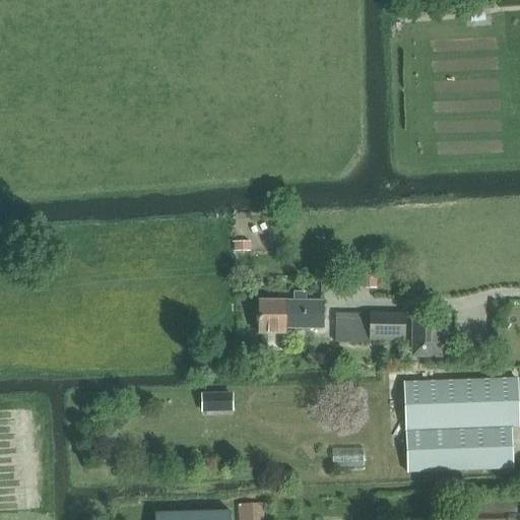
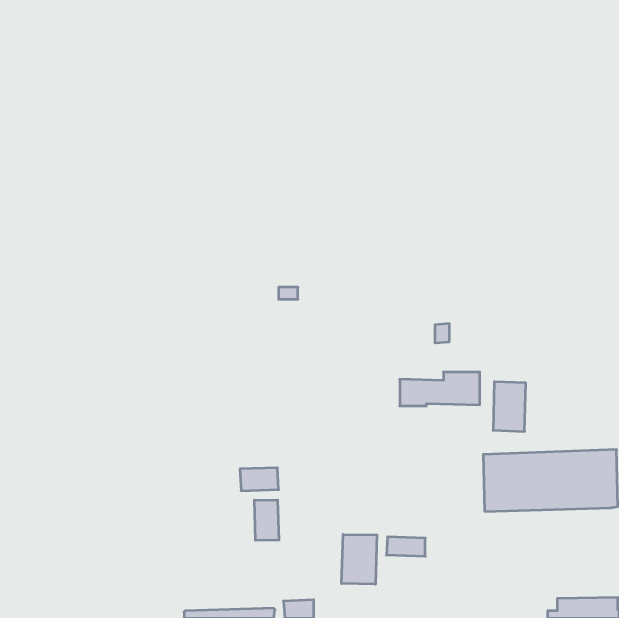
building: [258,292,322,333] -> none
building: none -> [254,500,279,540]
building: [406,426,514,470] -> none
building: none -> [342,534,377,584]

